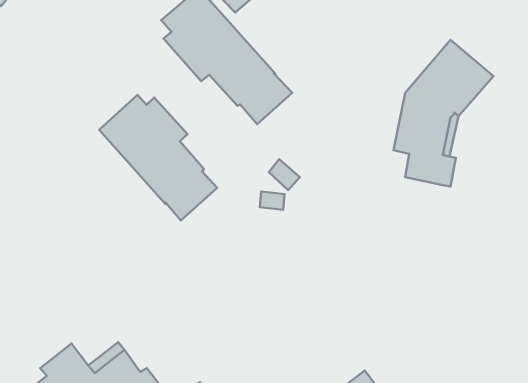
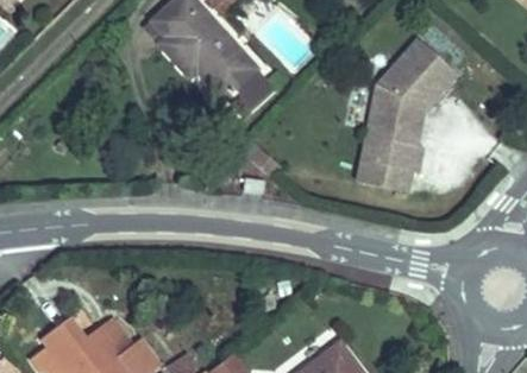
building: [99,95,217,221] -> none
building: none -> [357,140,410,192]

